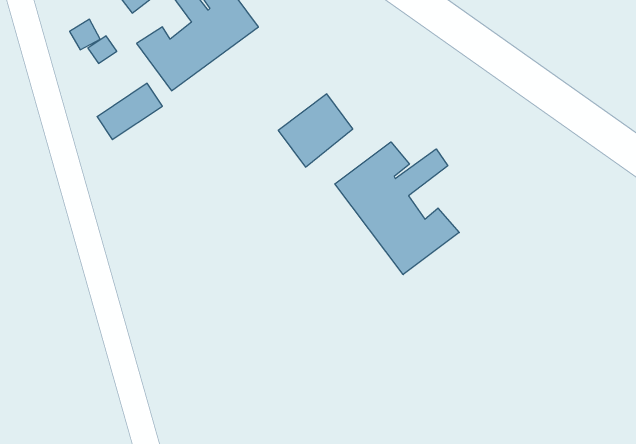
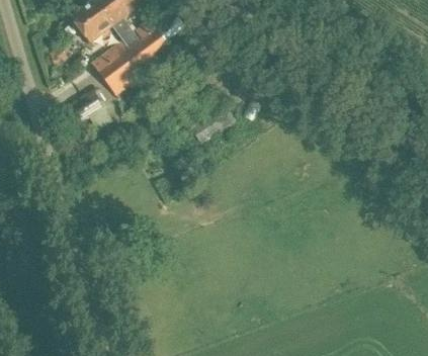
building: [335,142,459,275] -> none

